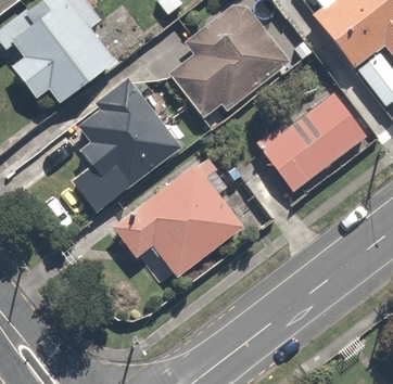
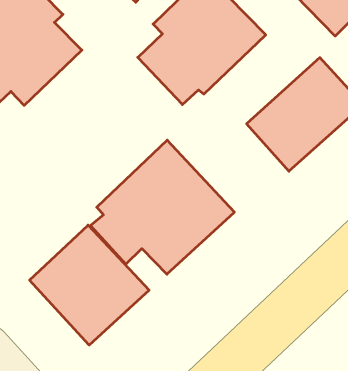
building: [71,79,181,209] -> none
building: none -> [30,225,149,345]

